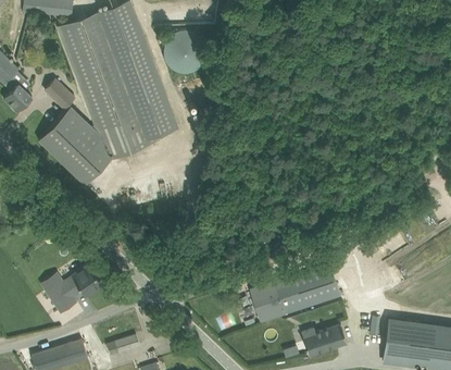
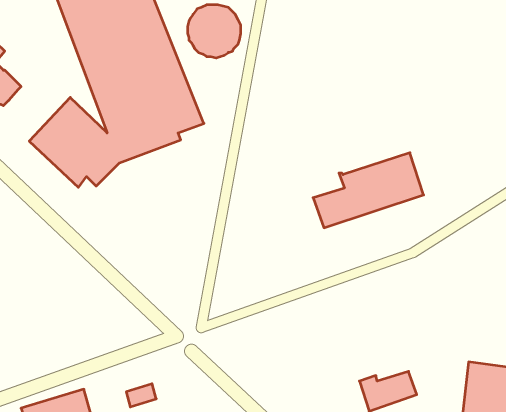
building: [43,78,76,110] -> none
building: [252,262,340,322] -> [313,153,424,228]
building: [48,264,102,313] -> none

